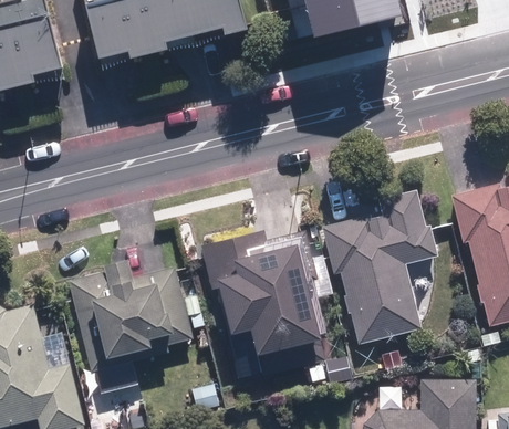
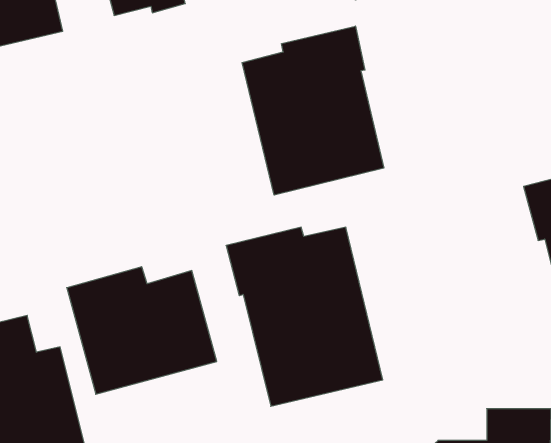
building: none -> [242,26,384,195]
building: [323,190,432,344] -> none

